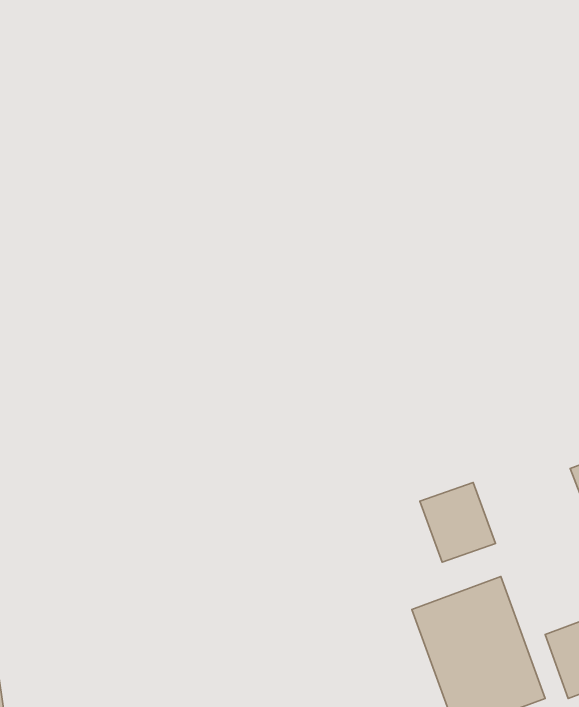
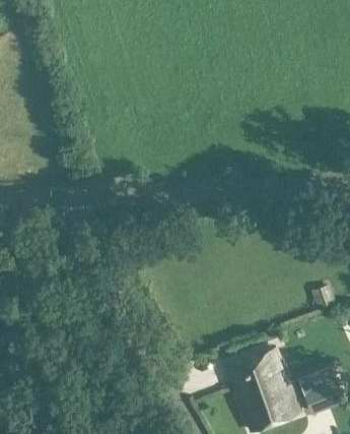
building: [420,483,495,562] -> none

